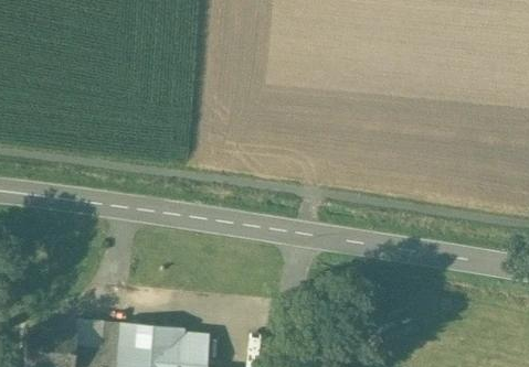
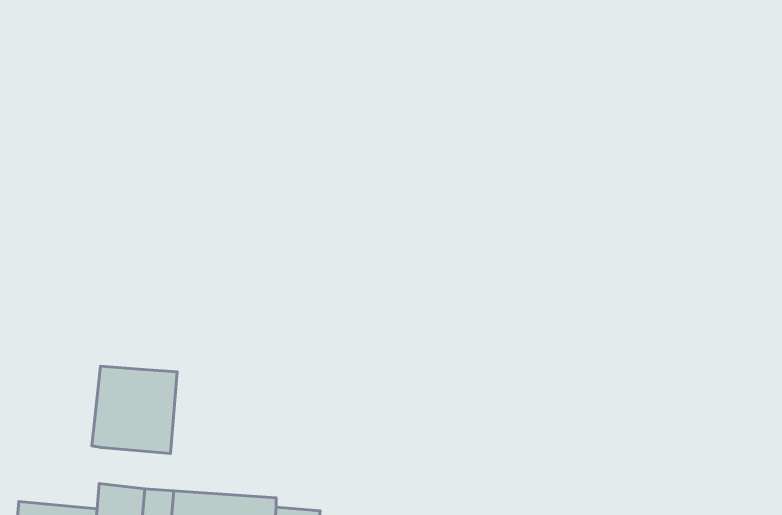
building: none -> [92,366,177,453]

